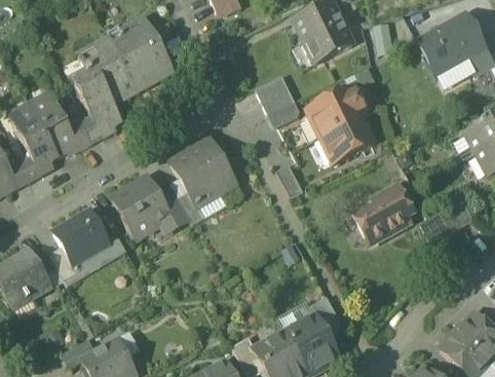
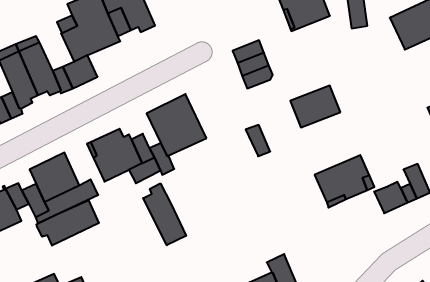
building: [306,86,365,136] -> none
building: none -> [143,184,186,245]
building: none -> [36,200,99,246]

